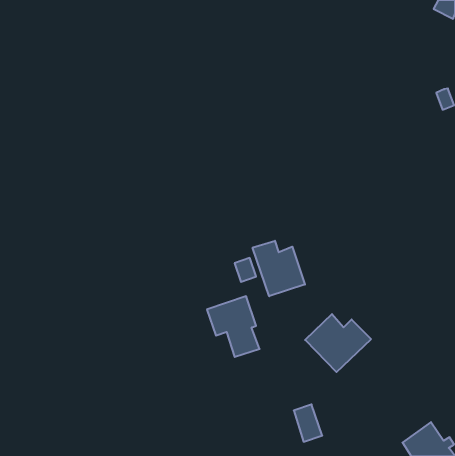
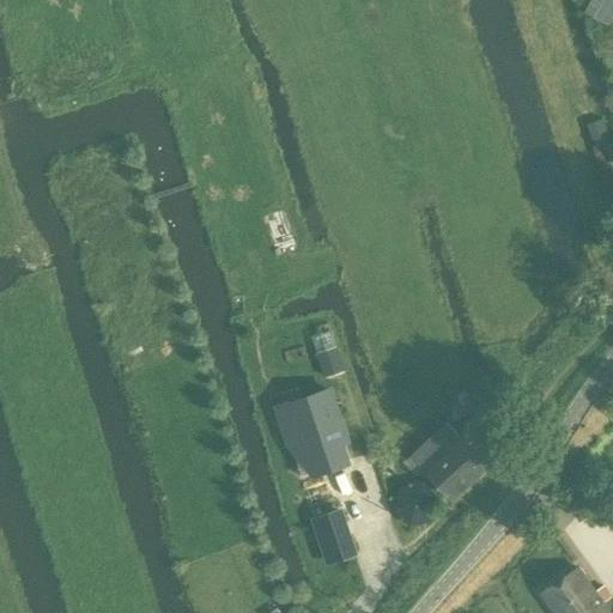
building: [253,241,305,296] -> none
building: [294,404,322,442] -> [314,511,352,562]

